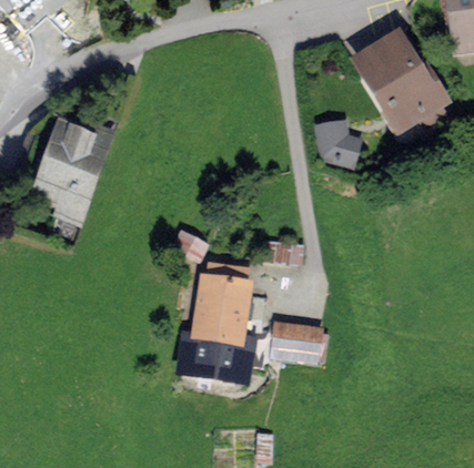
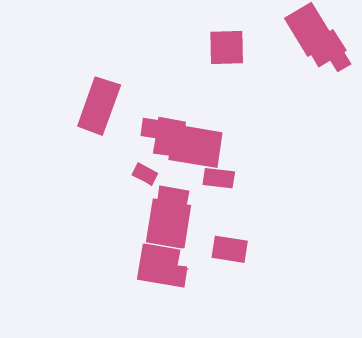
building: [317,116,360,159] -> [209,30,244,65]
building: [42,126,99,202] -> [76,75,122,137]
building: none -> [139,116,224,169]

